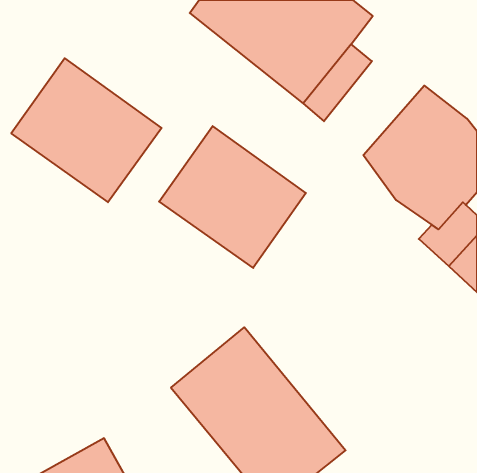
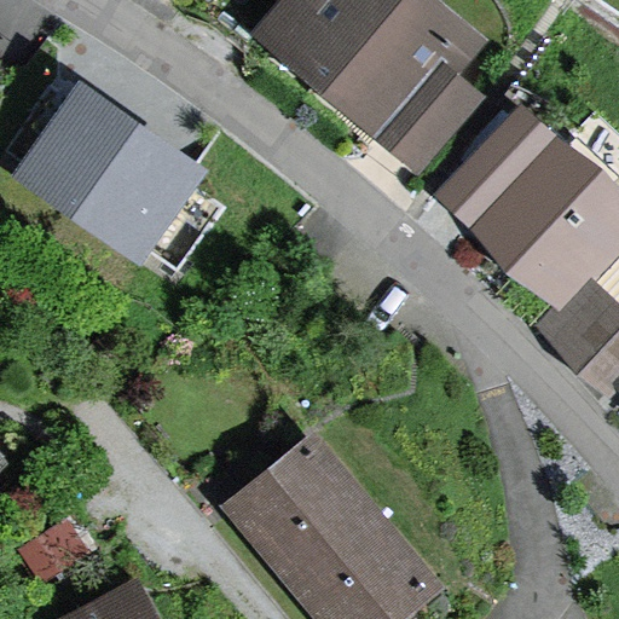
building: [159,126,306,268] -> none

